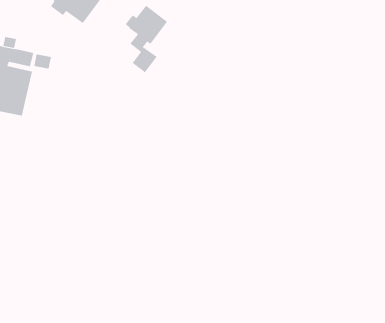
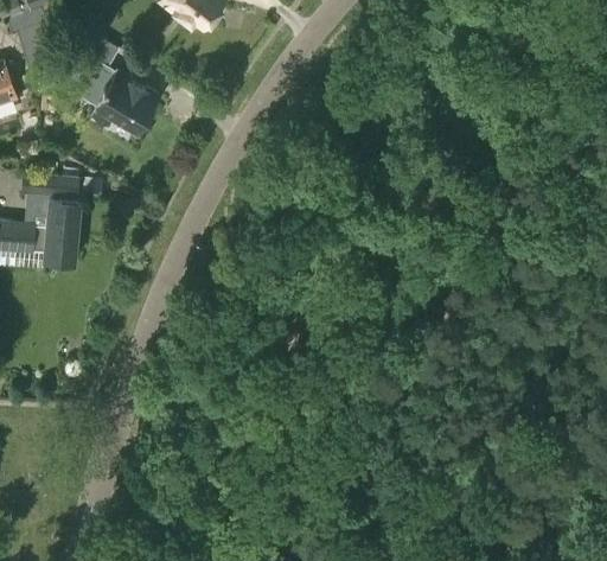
building: [125,5,168,73] -> none

